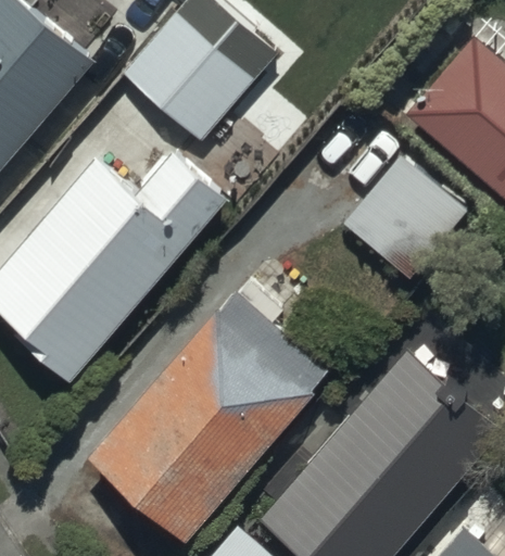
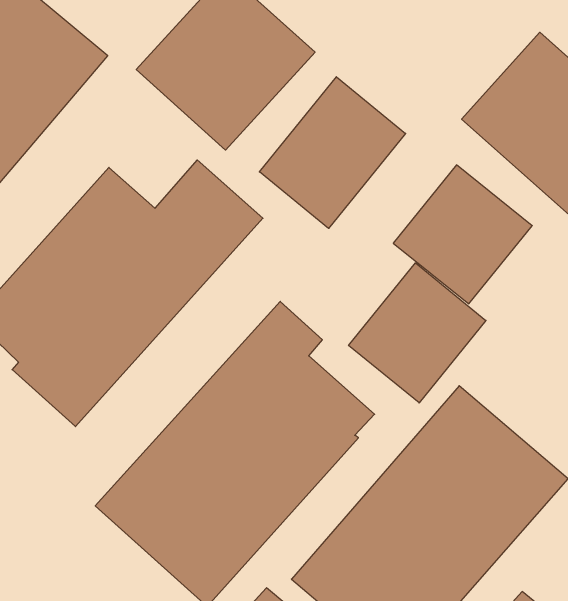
building: none -> [259,77,406,228]
building: none -> [349,263,486,403]

